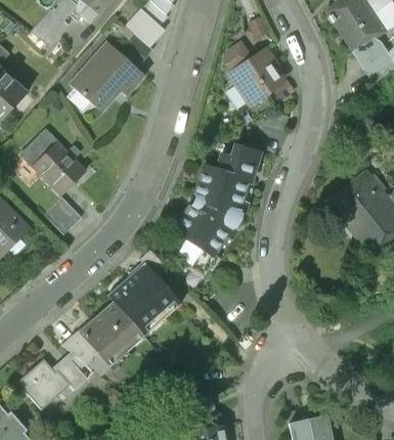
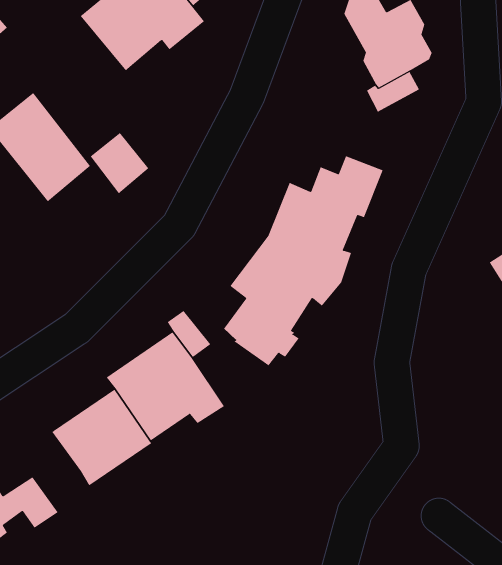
building: [46,194,82,231] -> [90,132,149,194]
building: [61,327,98,361] -> none

